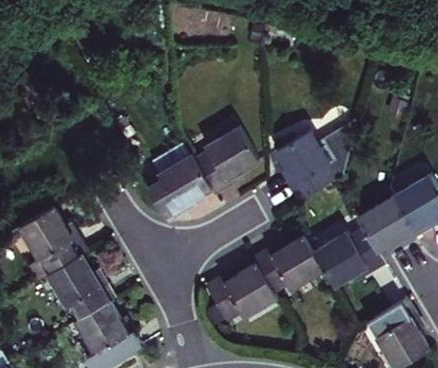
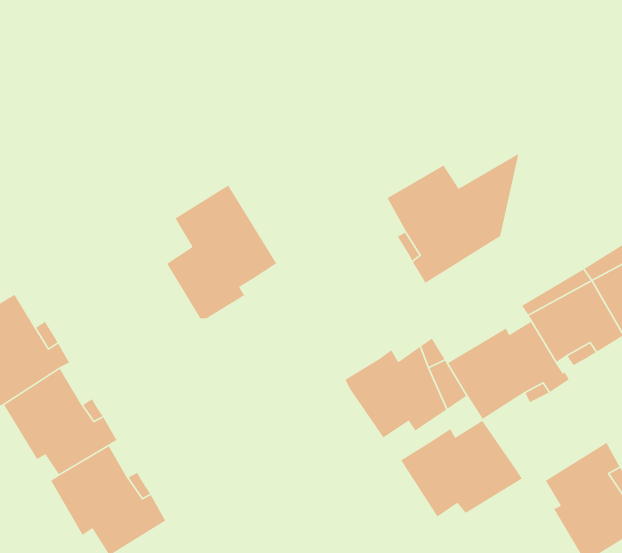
building: [190,127,257,196] -> none
building: [203,267,276,325] -> [400,420,523,517]

